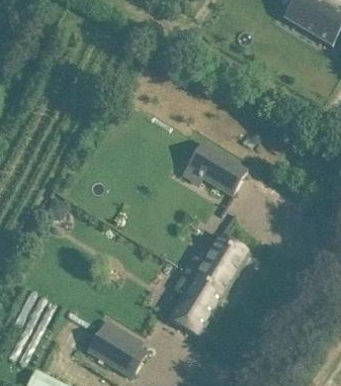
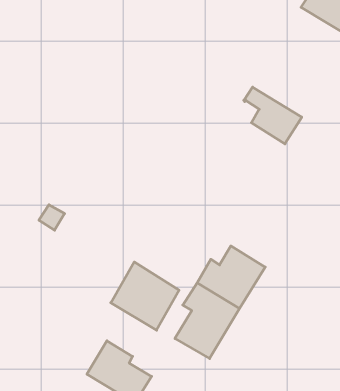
building: [194,142,247,194] -> [244,87,302,144]
building: none -> [111,262,179,330]

